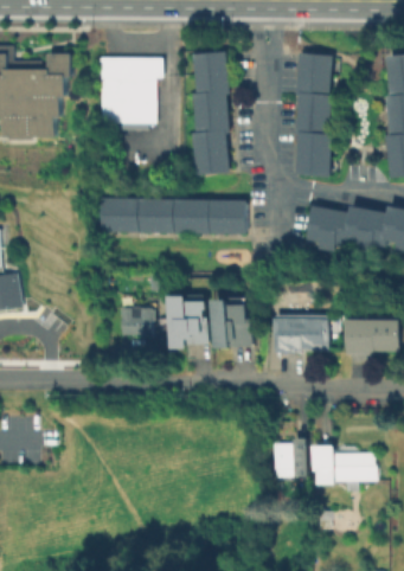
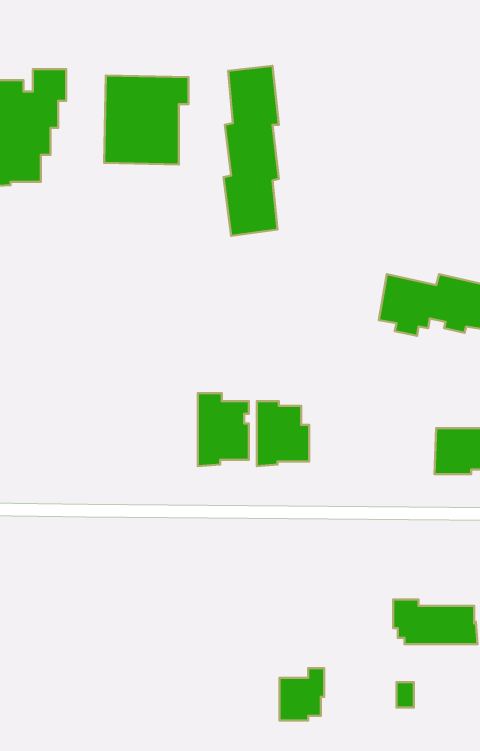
building: [293,51,332,177] -> none
building: [100,195,245,233] -> none
building: [121,307,152,338] -> none
building: [275,319,329,353] -> none
building: [275,437,308,476] -> [280,668,324,721]

